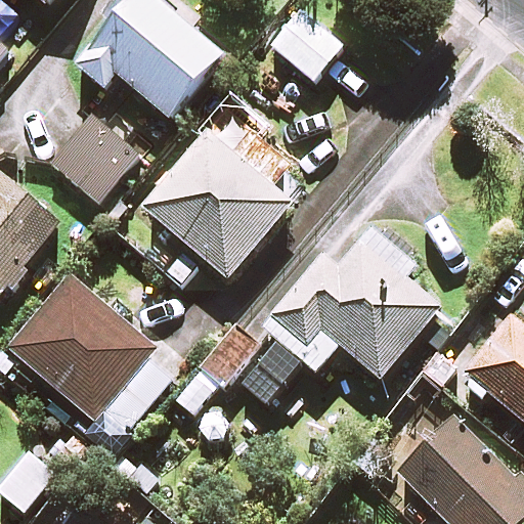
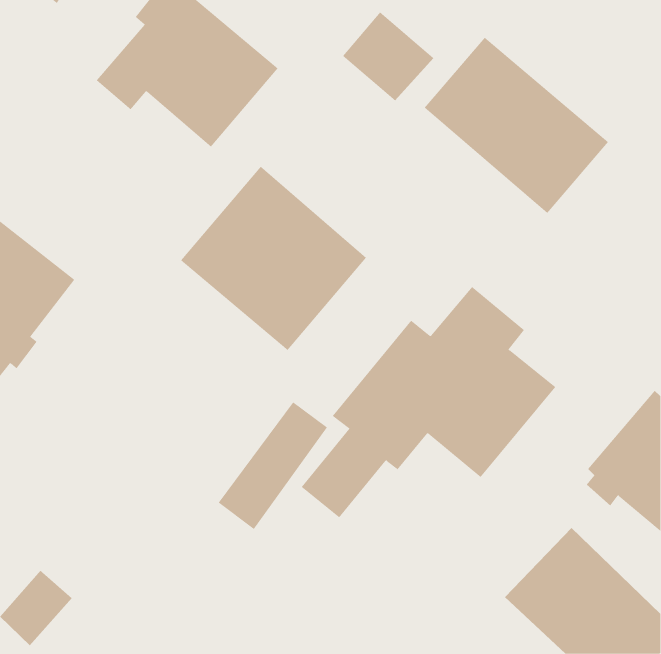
building: none -> [424,37,609,214]
building: [51,113,139,201] -> none
building: [8,275,179,429] -> none

